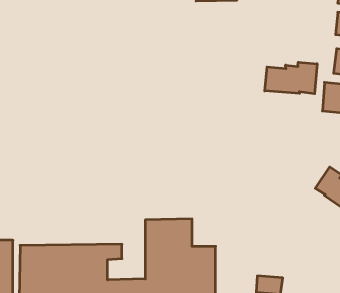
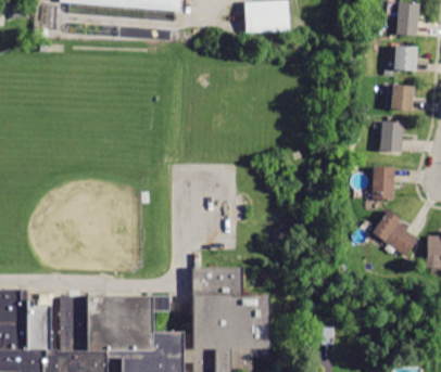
building: [265,62,317,94] -> none
building: none -> [373,167,394,200]

